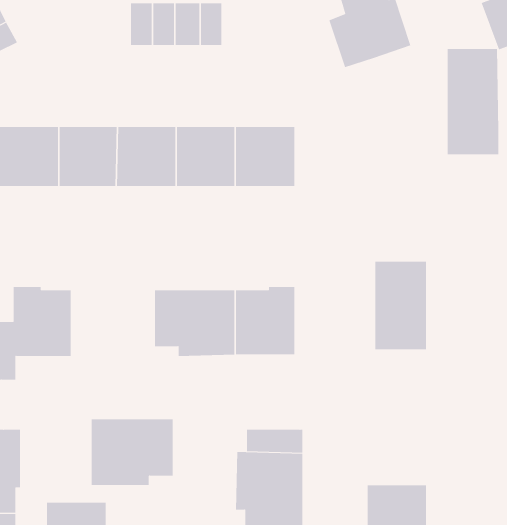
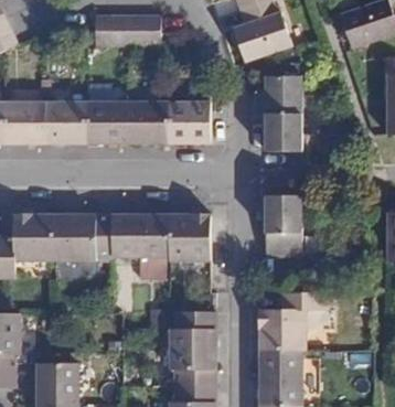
building: [447,48,499,155] -> [265,77,301,151]
building: none -> [257,292,322,351]
building: [91,419,173,486] -> [54,215,111,261]

